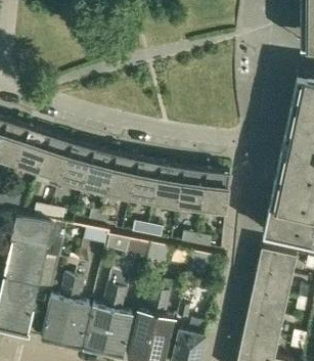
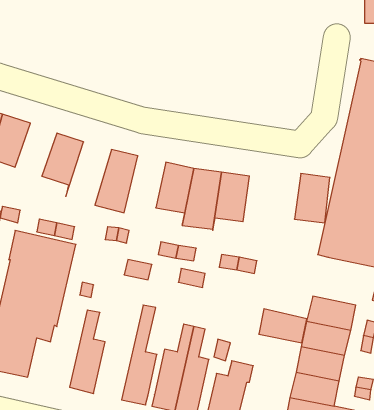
building: [17,128,51,171] -> none
building: [58,143,95,194] -> none
building: [105,154,139,206] -> none
building: [201,171,230,211] -> [294,174,330,223]
building: [258,247,297,275] -> [259,309,307,343]
building: [84,273,121,352] -> none
building: [42,277,76,342] -> none

